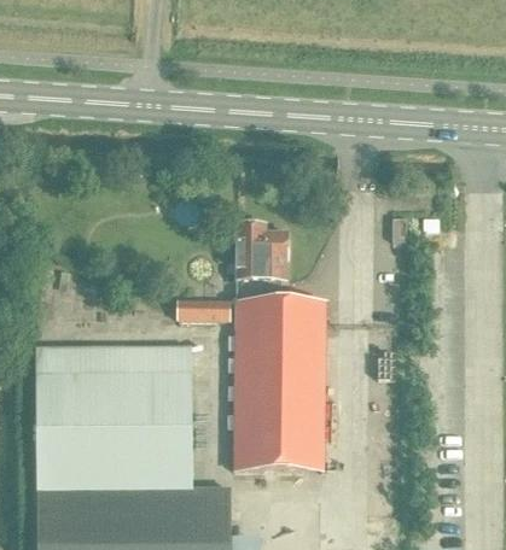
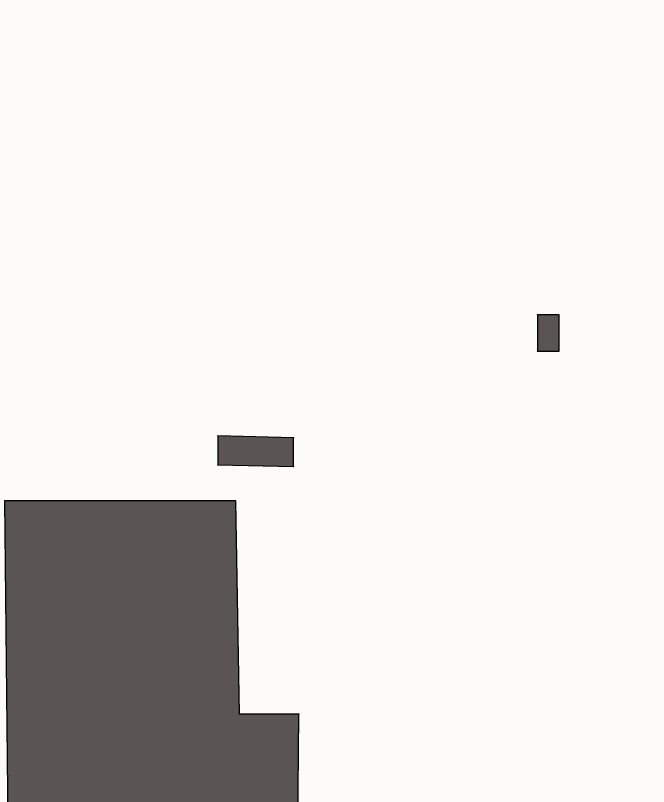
building: [234,226,325,474] -> none

